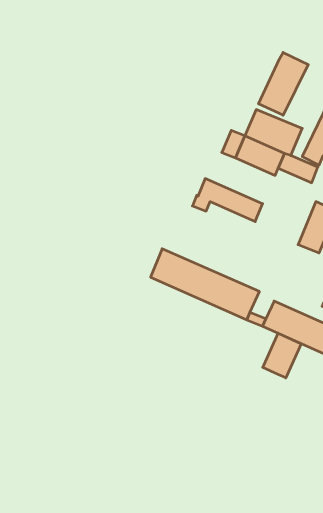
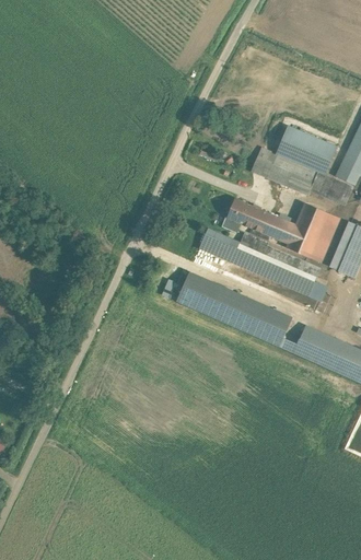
building: [259,52,308,115] -> none
building: none -> [286,203,339,262]
building: none -> [200,230,318,295]
building: [263,333,301,378] -> none

